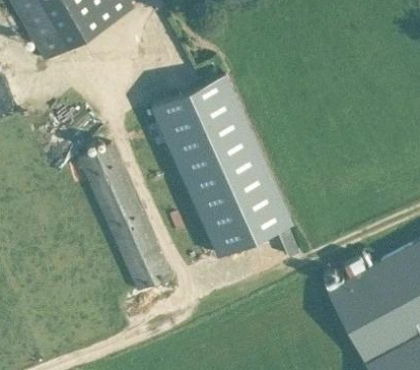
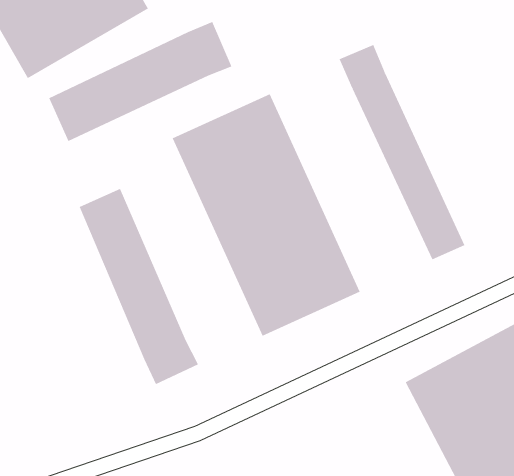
building: none -> [48,21,232,142]
building: none -> [339,44,465,260]

